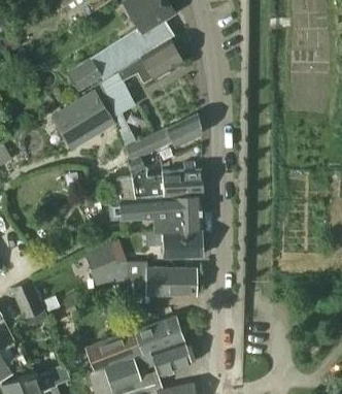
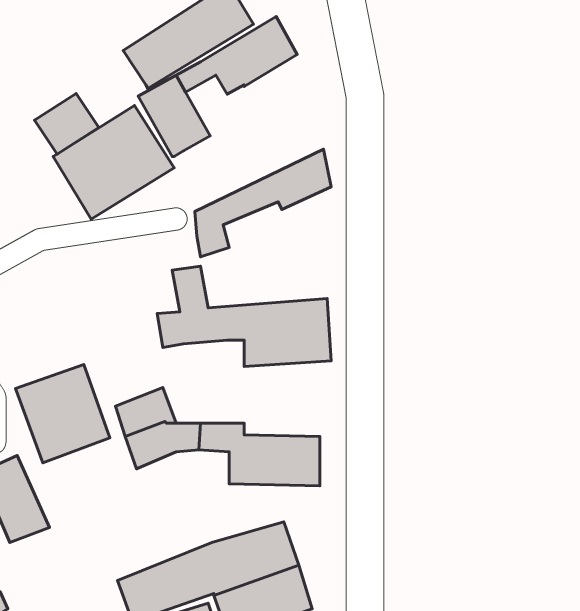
building: [66,60,101,93] -> [34,94,99,154]
building: [131,164,203,197] -> none
building: none -> [16,364,110,463]
building: [146,232,203,259] -> none

